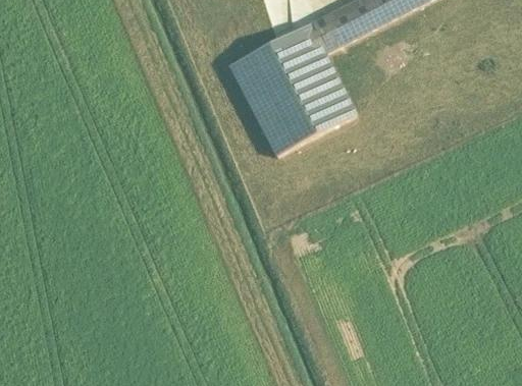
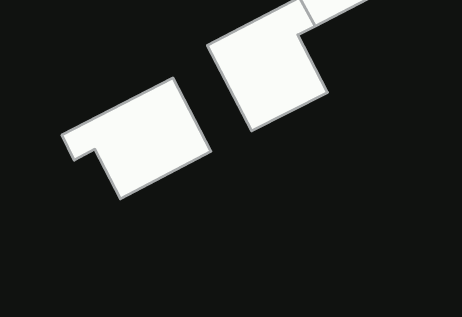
building: none -> [62,78,211,199]

